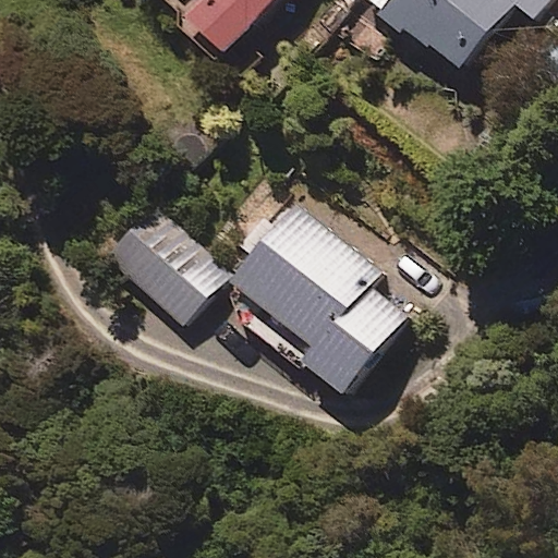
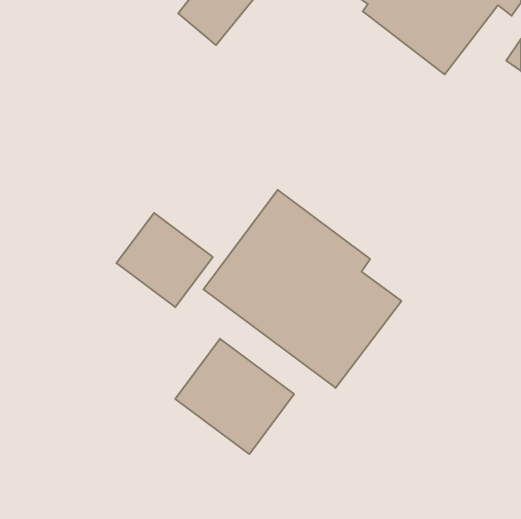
building: none -> [175,339,294,454]

